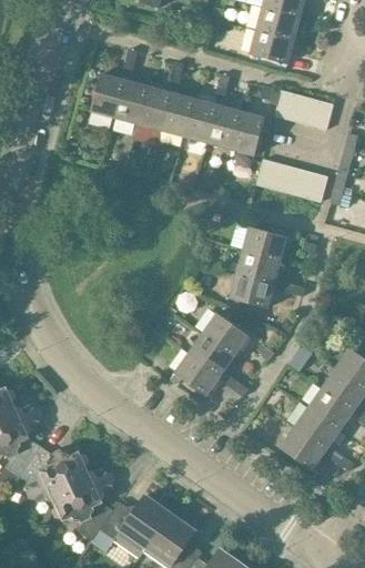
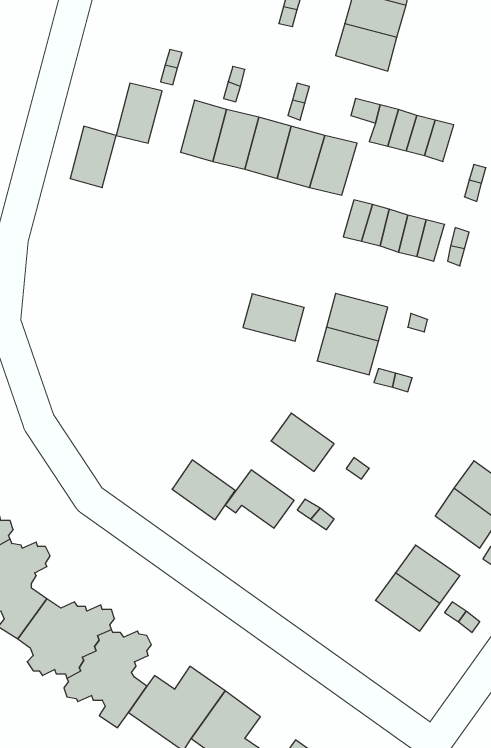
building: [114,80,148,124] -> [70,126,116,188]
building: [230,275,274,310] -> [243,294,304,341]
building: [189,333,234,376] -> [172,460,235,520]
building: [307,387,354,430] -> none

